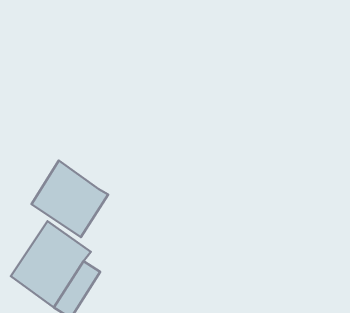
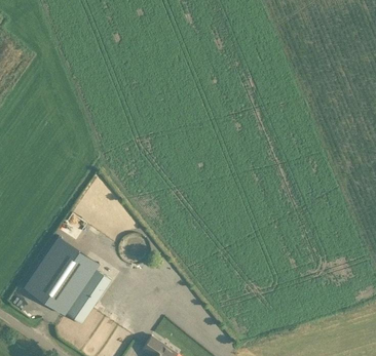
building: [32,160,108,237] -> none

